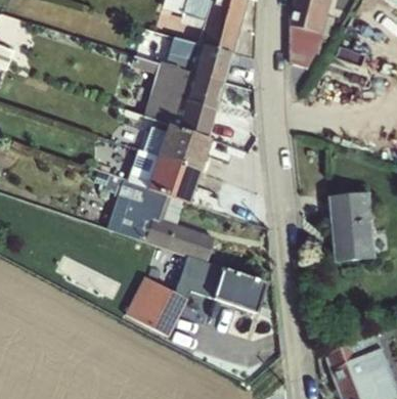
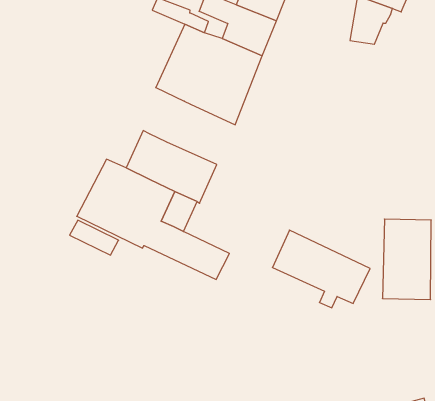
building: [141,122,208,169] -> none
building: [187,259,264,316] -> [272,230,370,308]
building: [134,279,188,337] -> none

